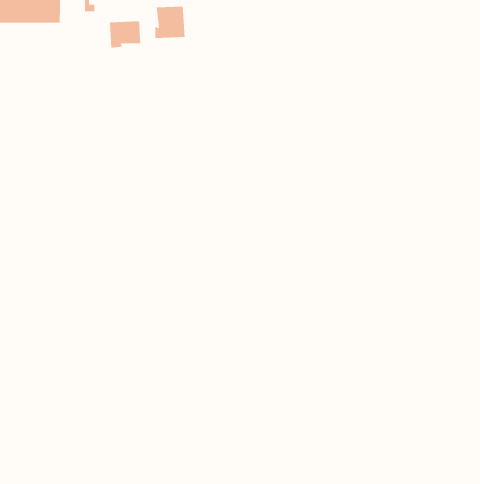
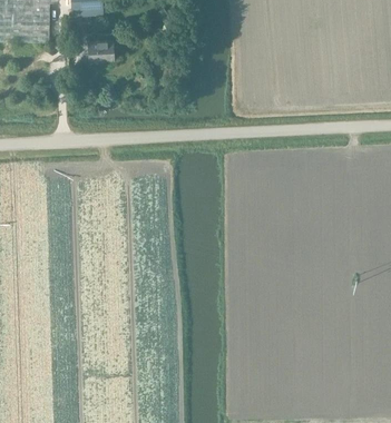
building: [154,6,185,39] -> none

